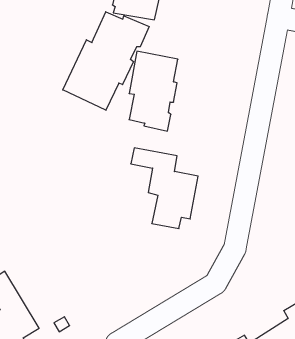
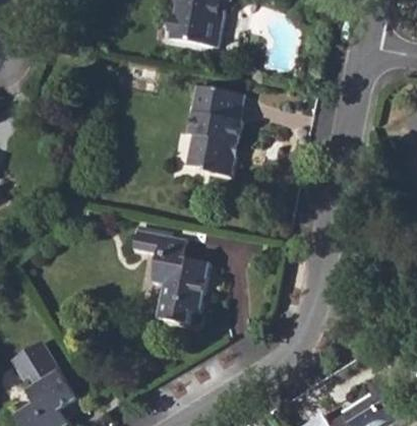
building: [63,12,149,110] -> none
building: [131,148,198,229] -> [130,230,208,323]

